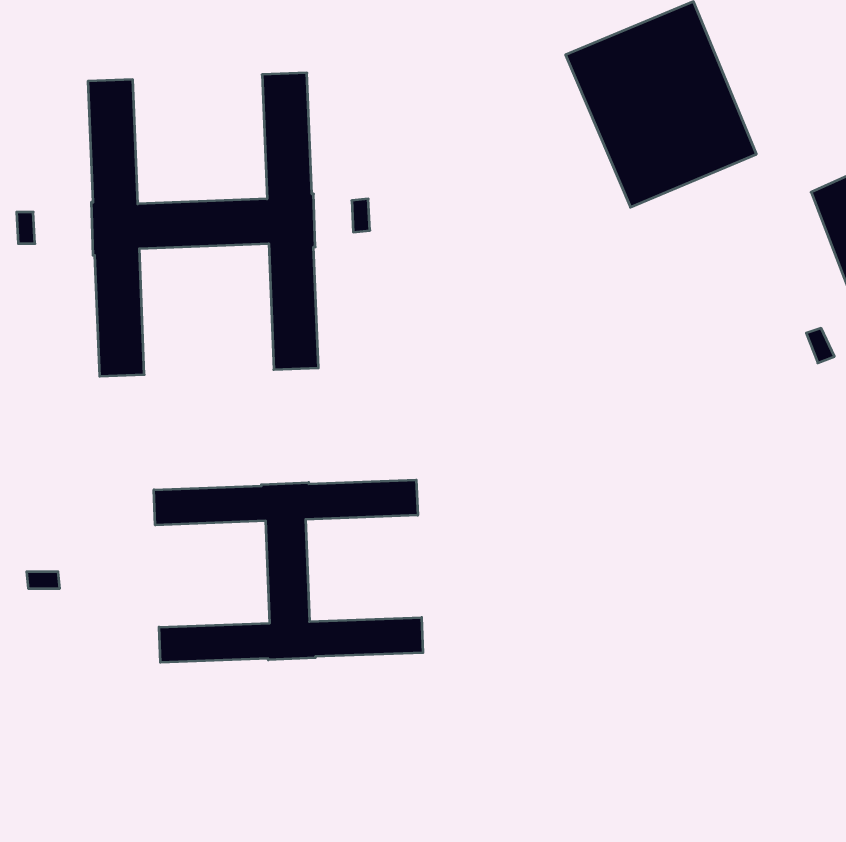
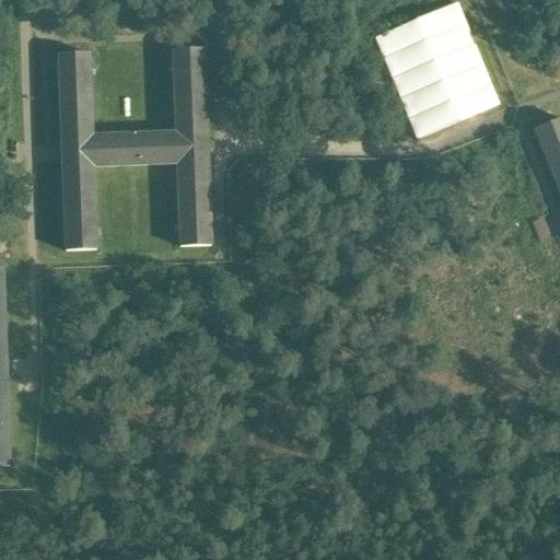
building: [154,480,423,662] -> none

